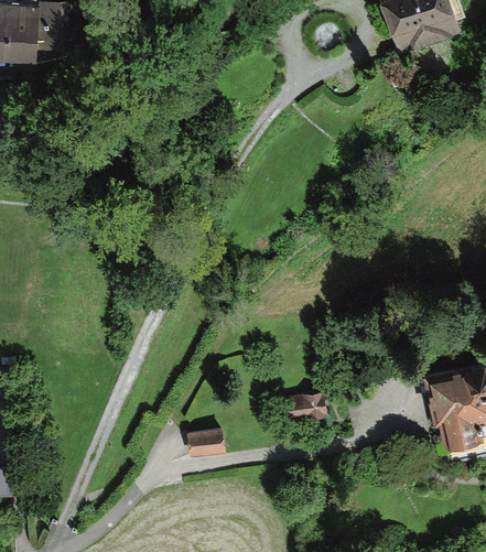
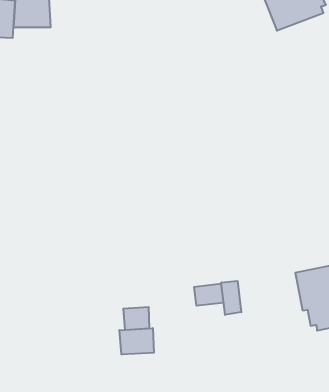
building: none -> [221,281,241,315]
building: none -> [119,328,154,355]

